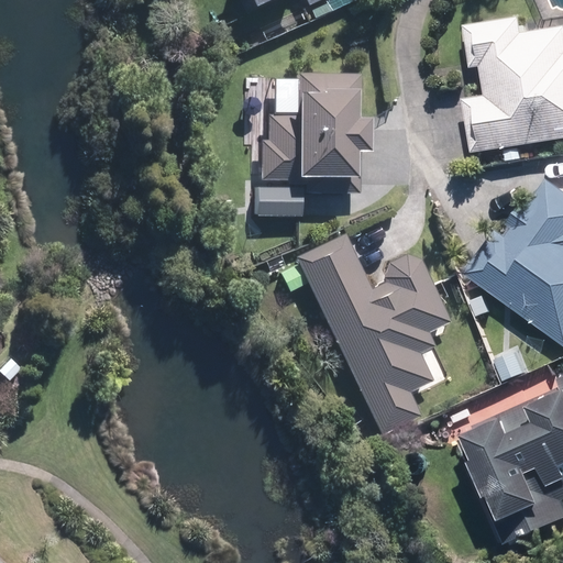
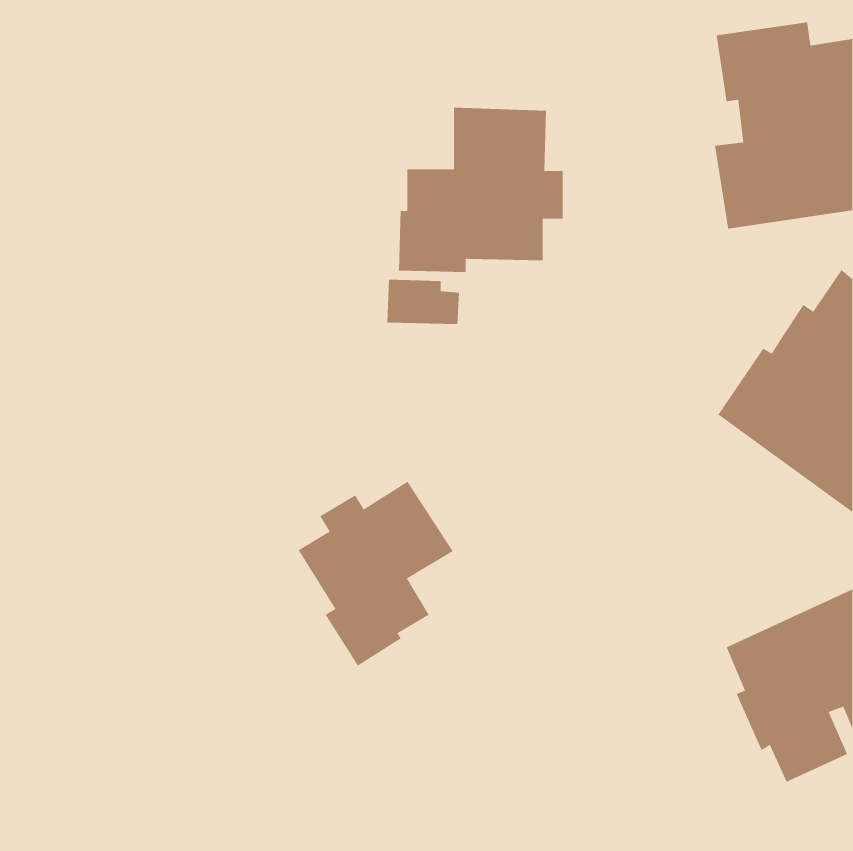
building: [282,233,452,435] -> none
building: none -> [298,481,454,667]

